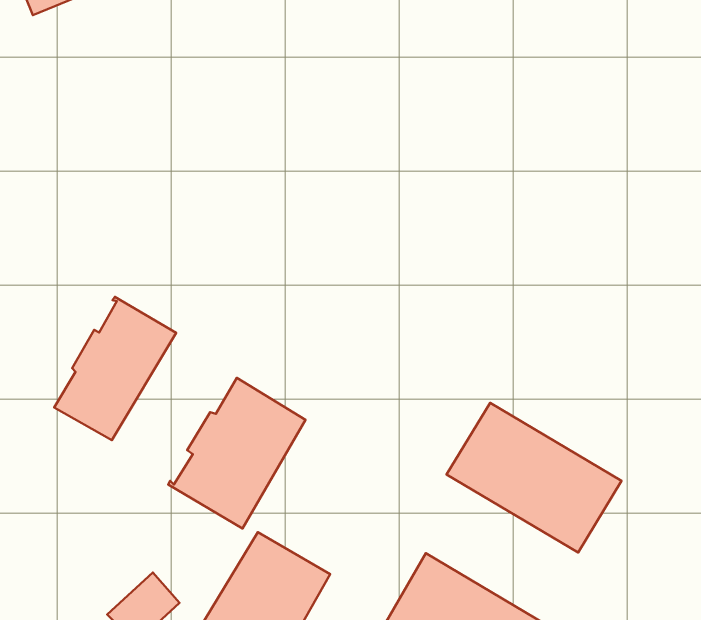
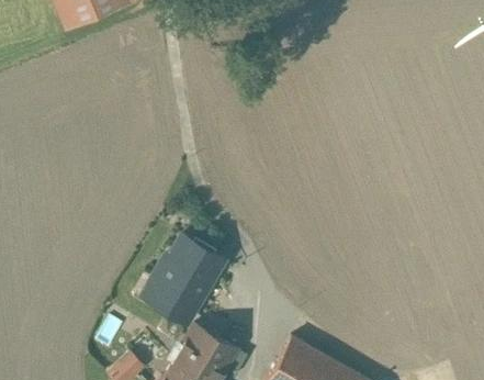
building: [54,297,176,440] -> none
building: [446,403,622,553] -> none

